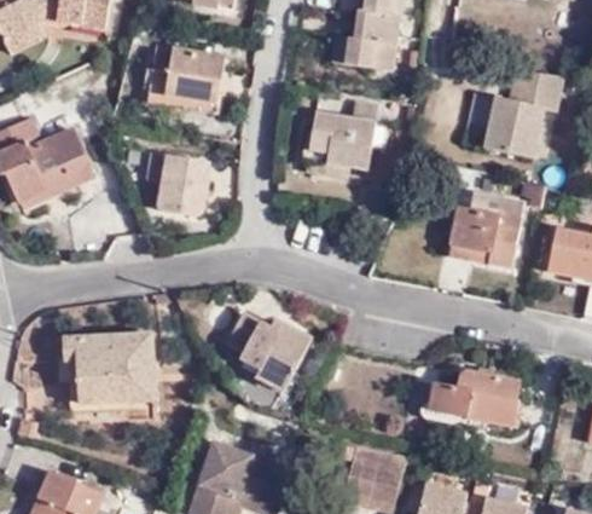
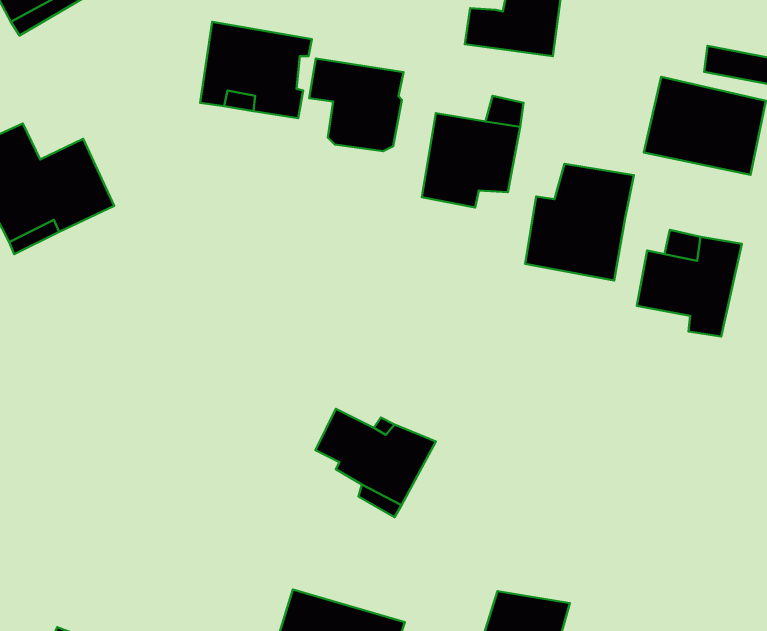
building: none -> [525,164,634,280]
building: [146,154,213,219] -> [309,58,404,151]
building: [58,331,151,402] -> none
building: [433,370,524,428] -> none

